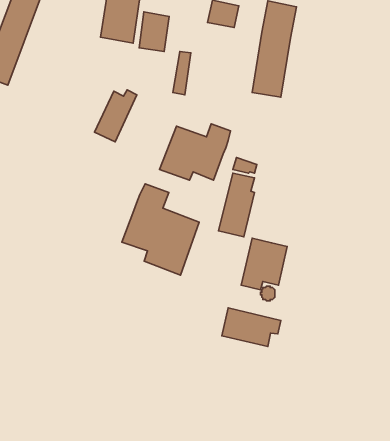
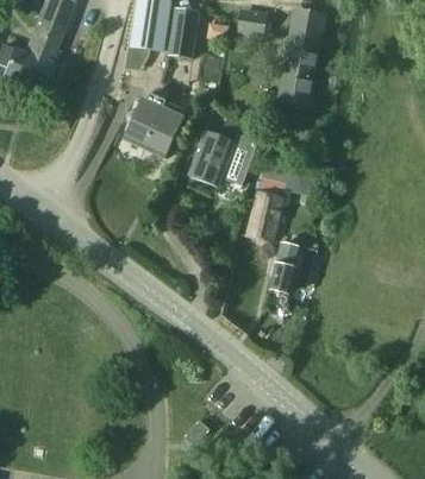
building: none -> [146,100,186,156]
building: [122,184,199,275] -> none
building: [222,308,281,346] -> none

